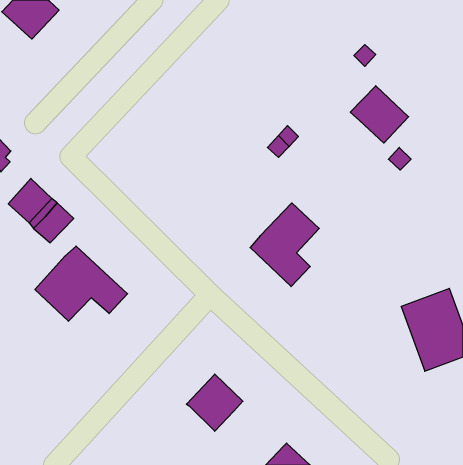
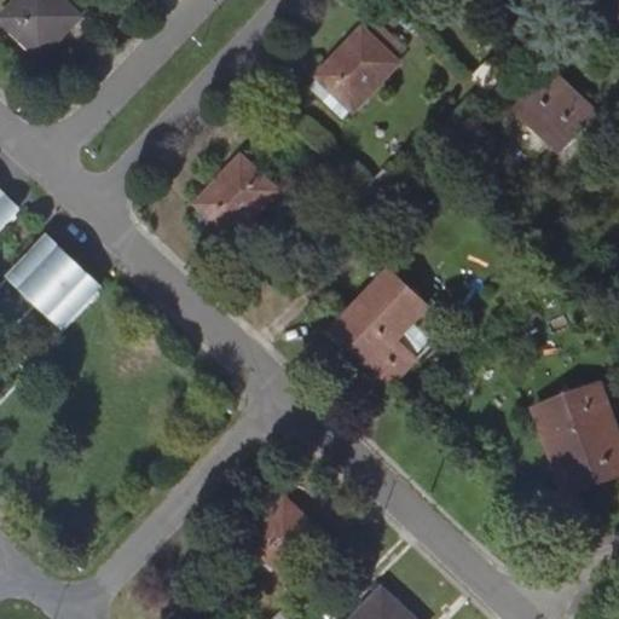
building: none -> [320,28,397,105]
building: [350,86,409,143] -> [517,69,595,145]
building: none -> [197,155,277,235]
building: [35,246,128,321] -> none

